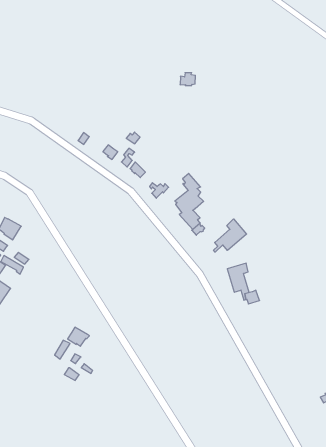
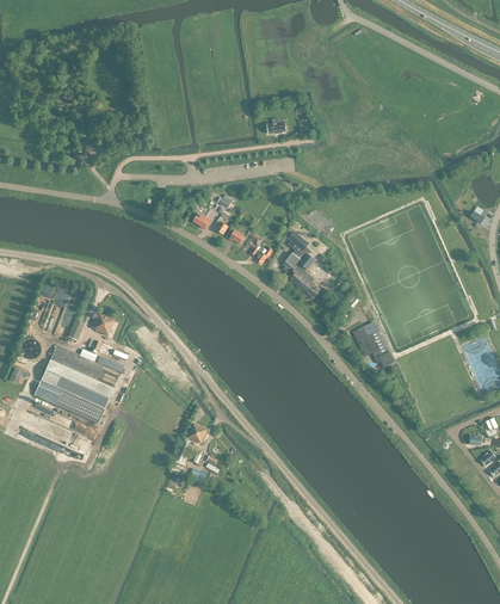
building: [214,219,247,252] -> none

